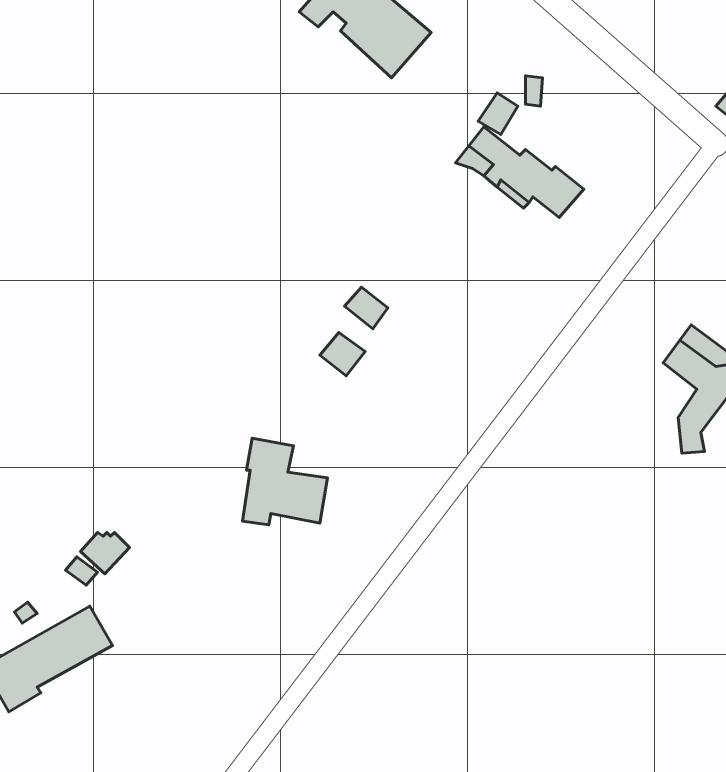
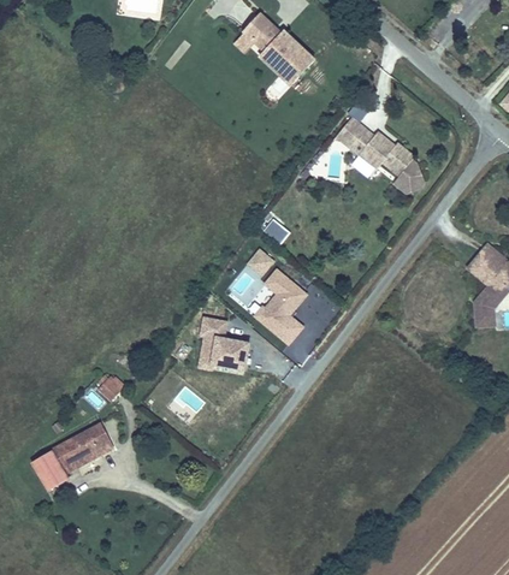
building: none -> [399,158,426,192]
building: none -> [254,268,309,346]

